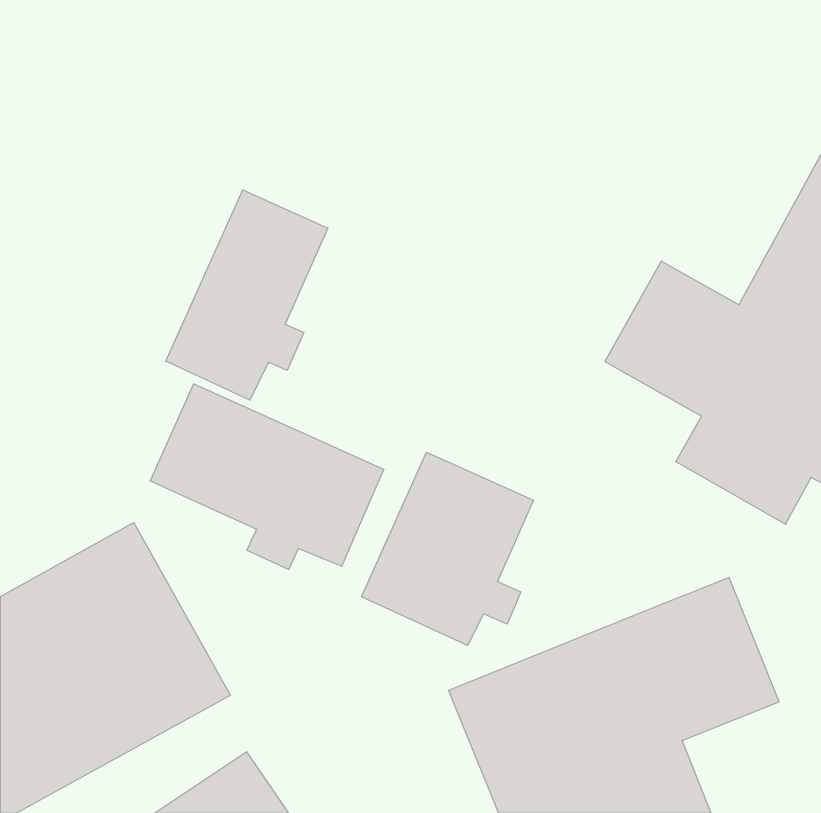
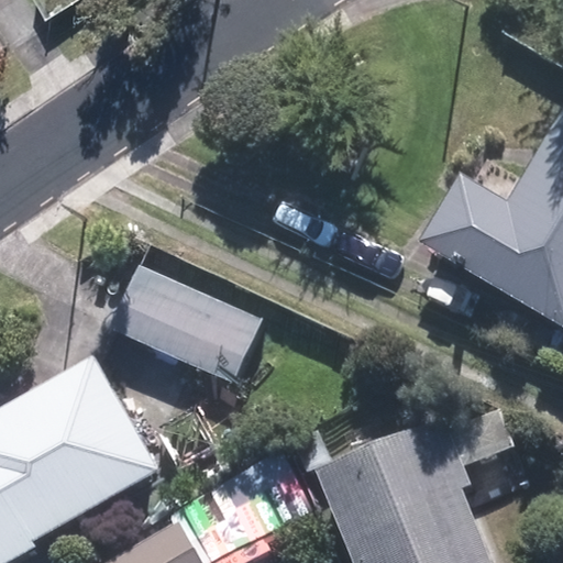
building: [166,190,328,400] -> none
building: [361,452,533,646] -> none

